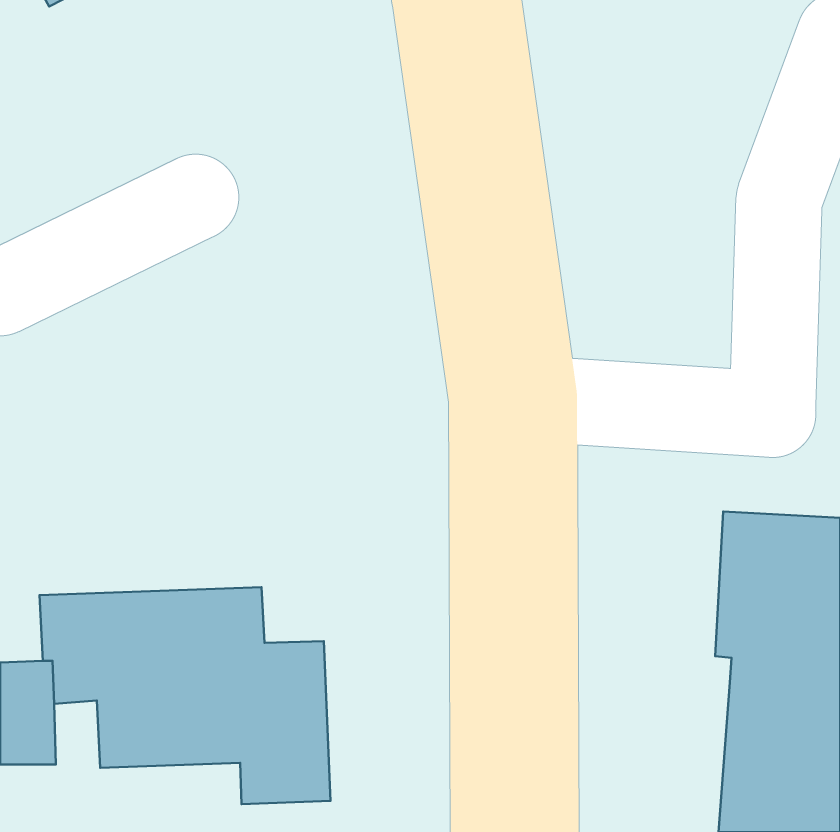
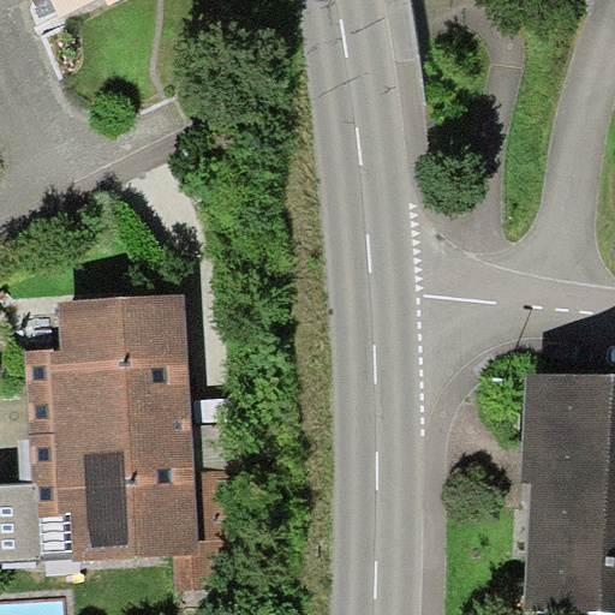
building: none -> [25,294,191,435]

